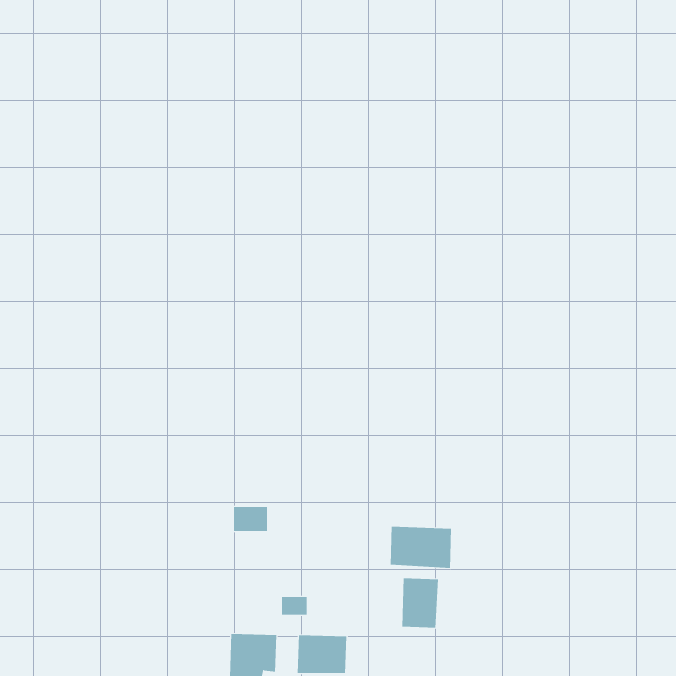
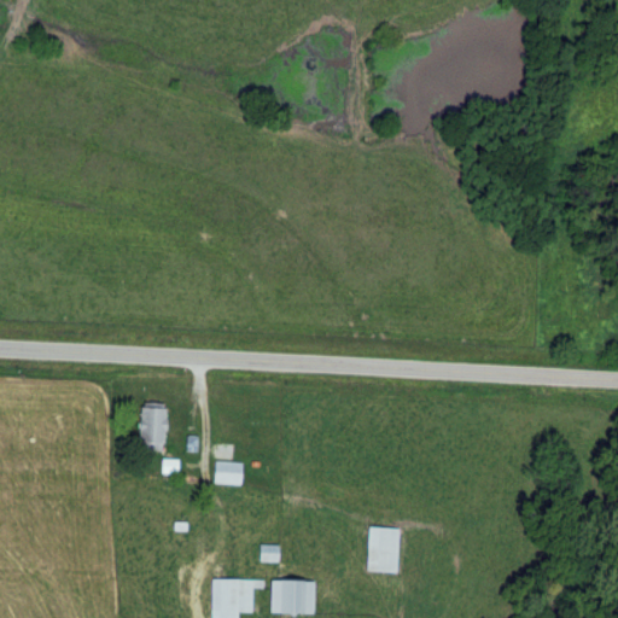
building: none -> [140,403,170,448]
building: [390,526,452,569] -> none

